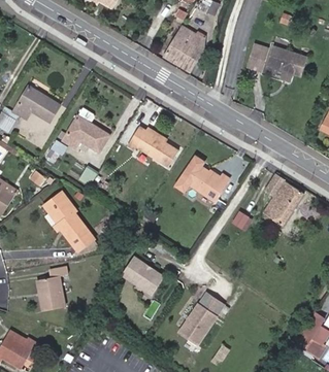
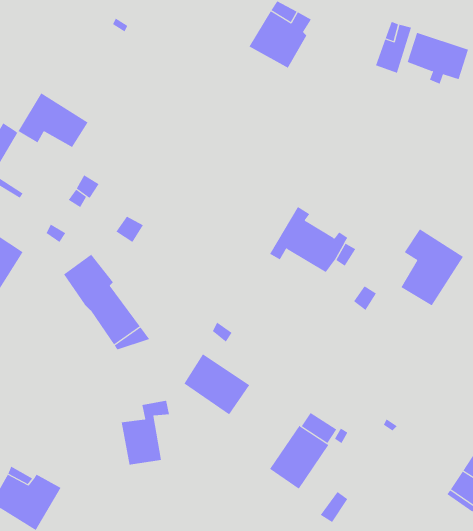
building: [63,107,109,150] -> none
building: [127,126,176,166] -> none
building: [37,266,69,308] -> [121,400,170,465]

